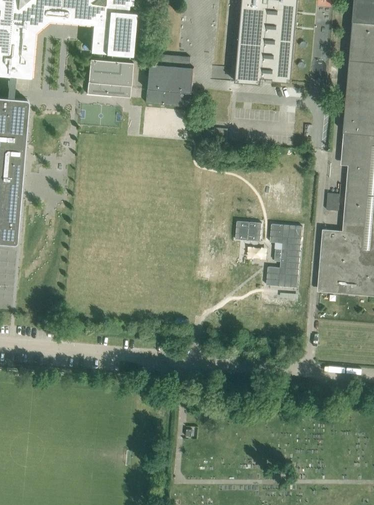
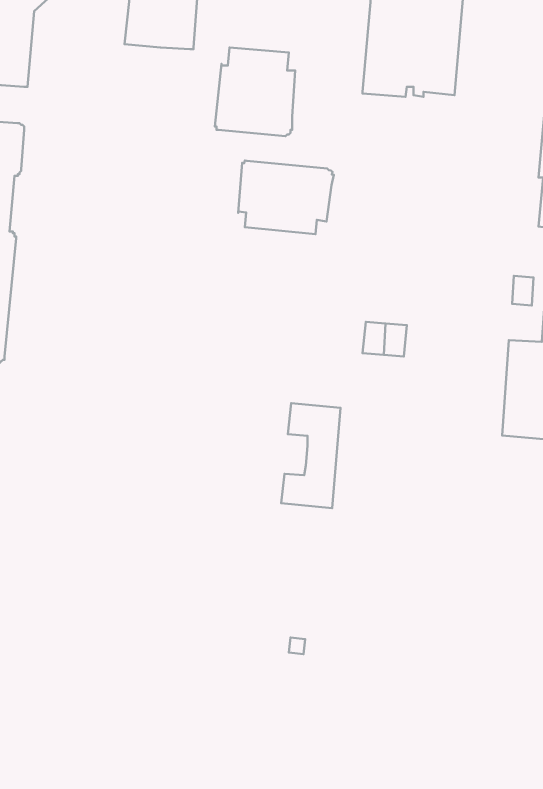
building: [87,53,133,97] -> none
building: none -> [238,161,334,234]
building: [266,223,302,287] -> [281,403,340,508]

